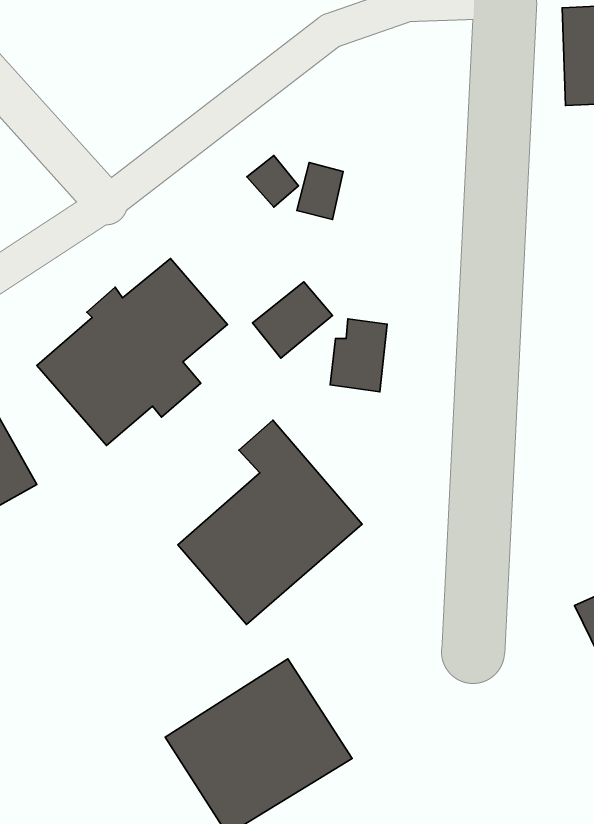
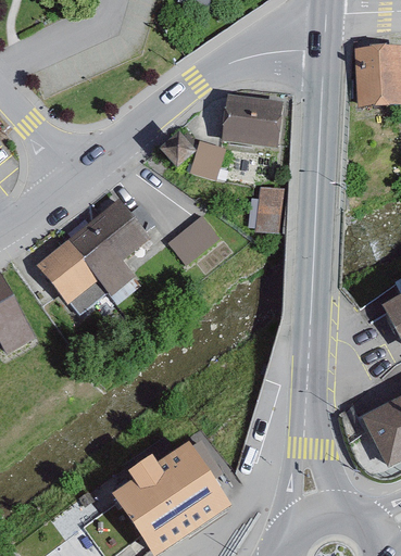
building: none -> [221,92,283,147]
building: [330,319,387,392] -> [247,184,281,228]
building: [178,420,362,624] -> none

